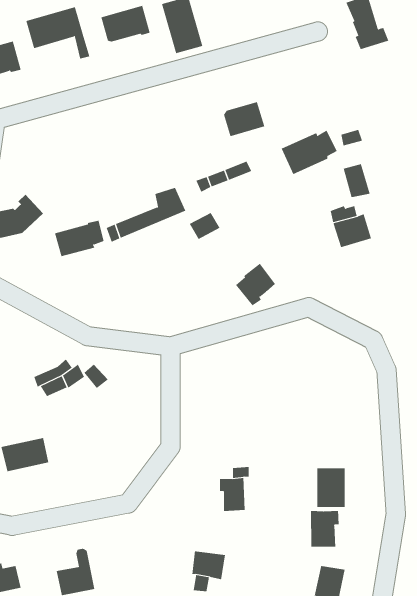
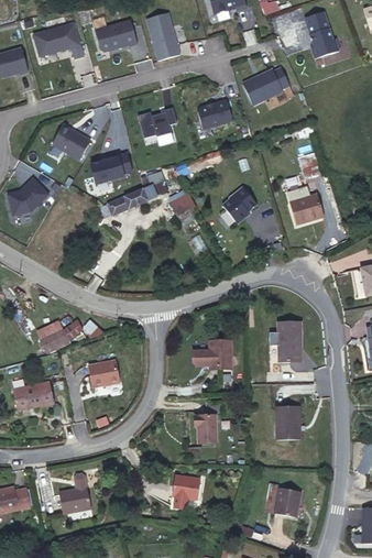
building: none -> [138,108,178,139]
building: [281,130,338,175] -> [243,67,291,105]
building: none -> [52,124,90,160]
building: [54,220,104,257] -> [91,152,133,183]
building: [235,263,276,306] -> [222,186,256,222]
building: none -> [277,321,300,360]
building: none -> [208,339,232,365]
building: none -> [88,360,119,387]
building: [310,510,339,547] -> none

